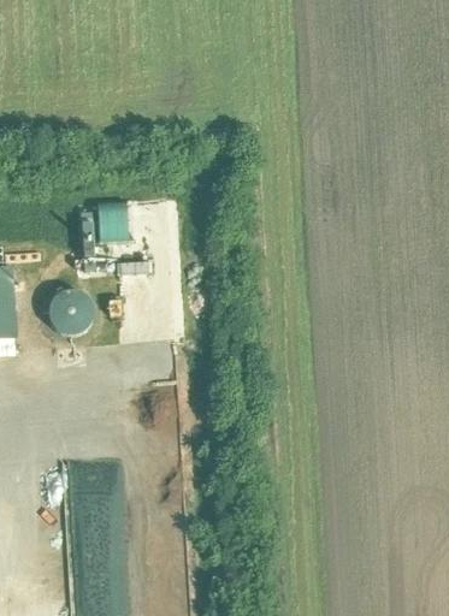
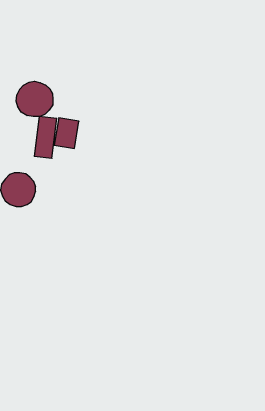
building: none -> [16,81,53,116]

